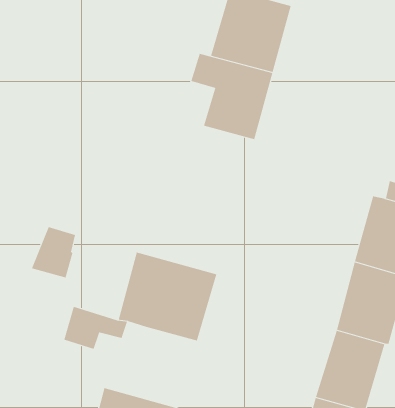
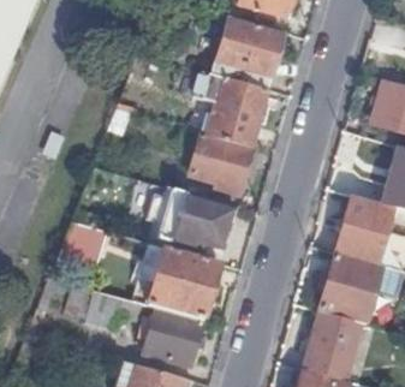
building: none -> [186,135,252,190]
building: none -> [144,192,236,249]
building: none -> [138,310,202,367]

